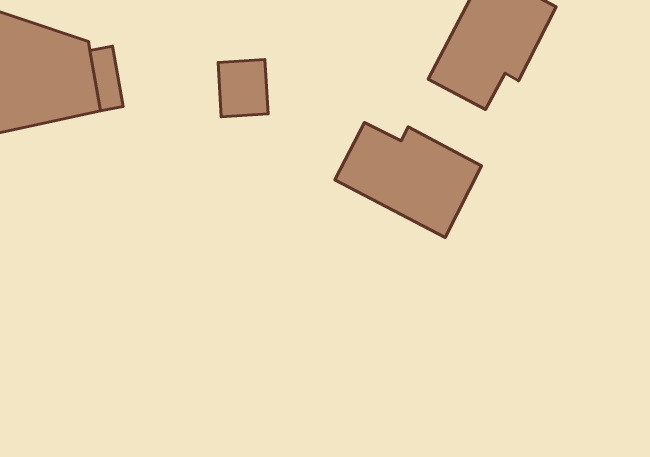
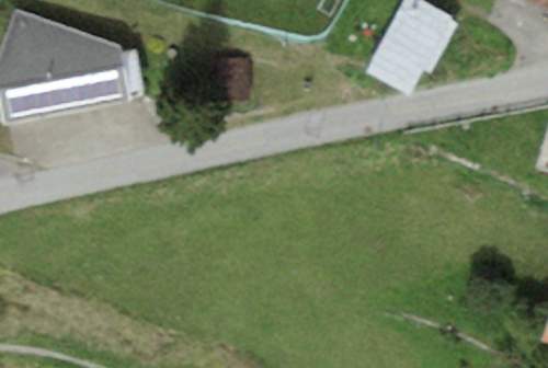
building: [335,122,482,237] -> none

